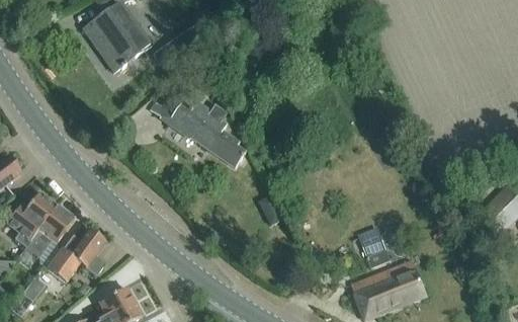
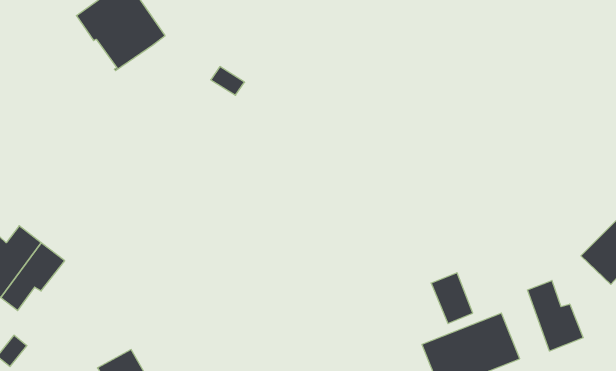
building: [151,86,245,167] -> none
building: [47,228,105,281] -> none
building: none -> [528,280,583,351]

